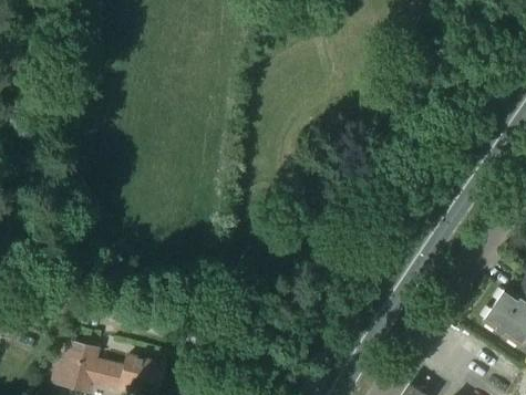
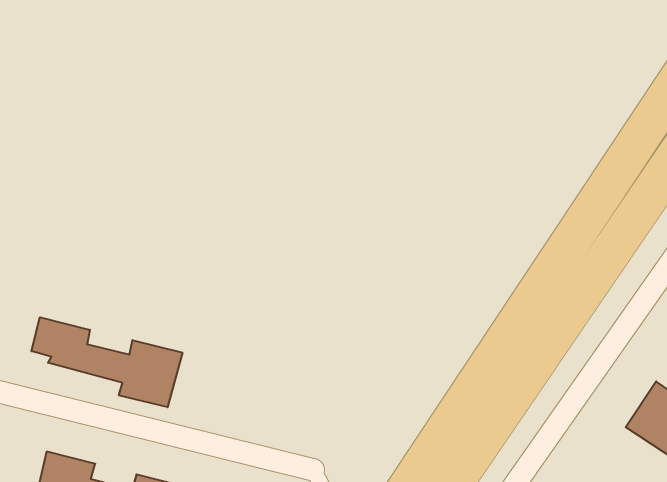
building: none -> [31,317,182,407]

